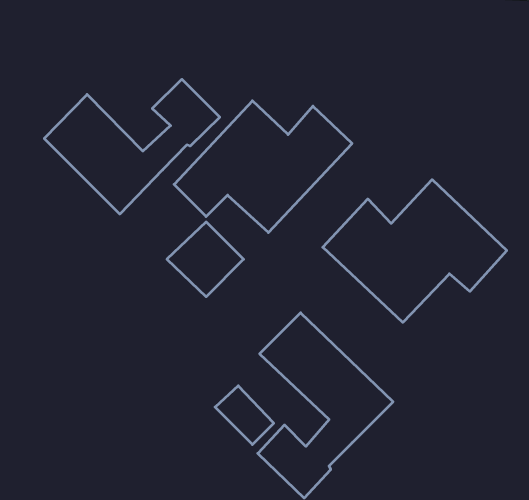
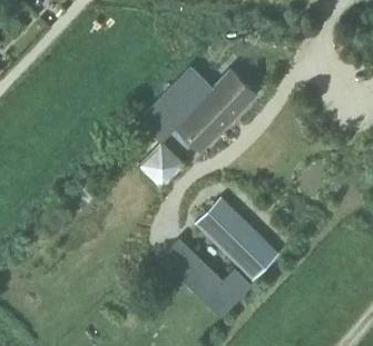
building: [44,79,220,214] -> none
building: [323,180,507,322] -> none

